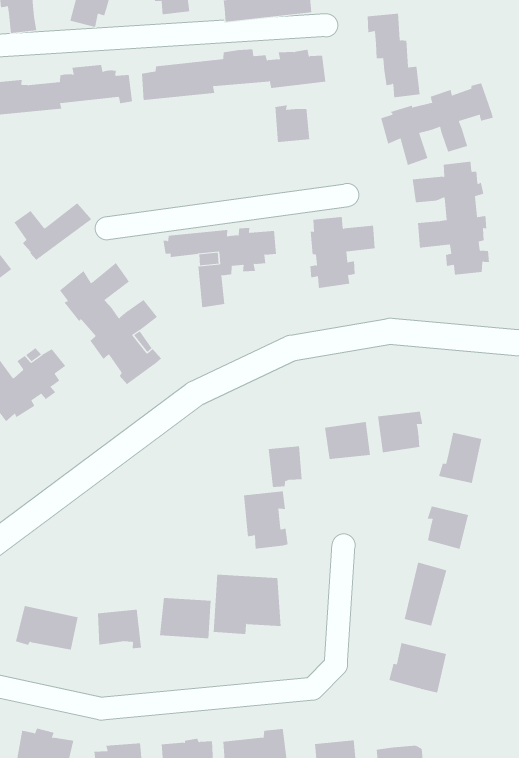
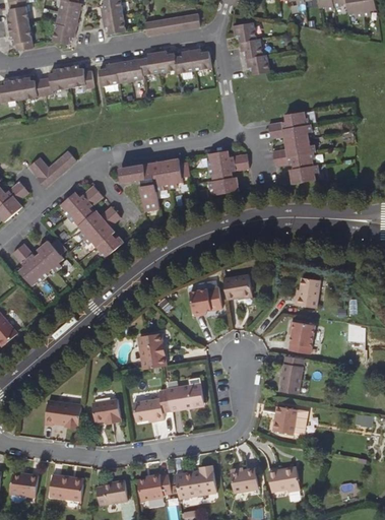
building: [381,82,493,166] -> none
building: [275,105,310,143] -> none
building: [378,411,423,453] -> none
building: [243,491,289,549] -> [138,331,168,368]

